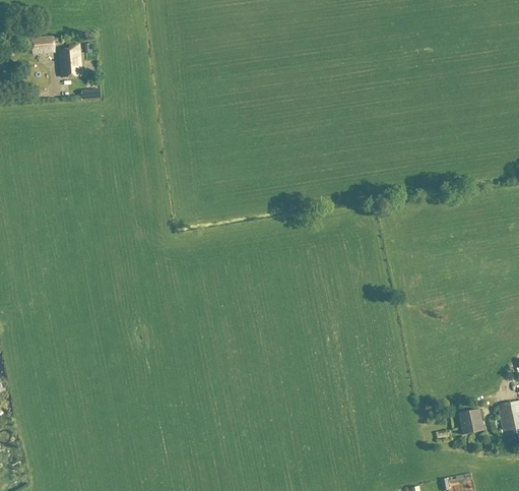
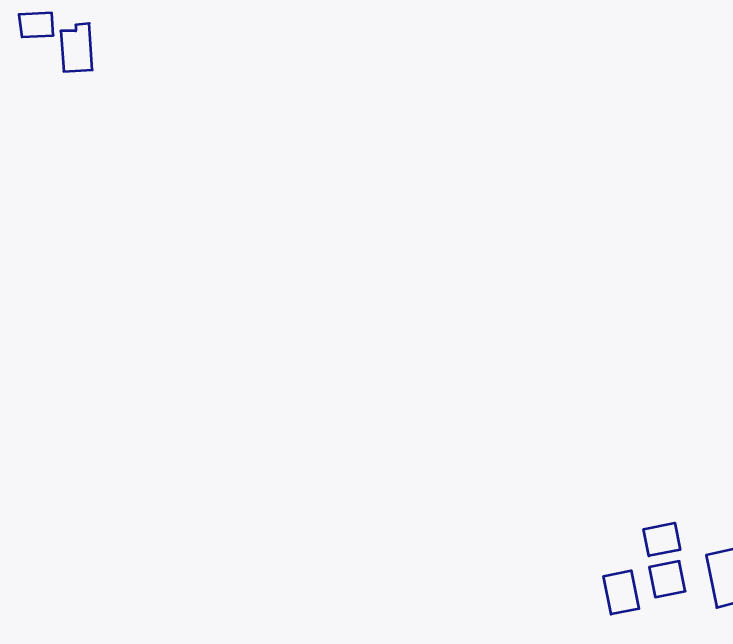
building: none -> [644,523,680,556]
building: none -> [604,571,639,614]

